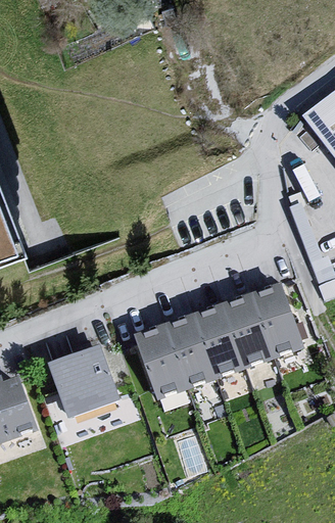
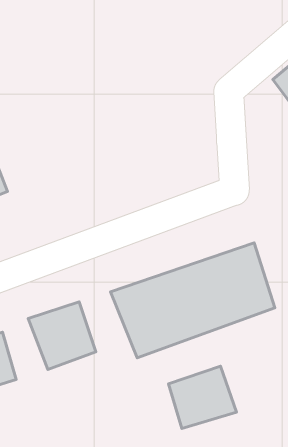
building: none -> [168,366,237,429]

